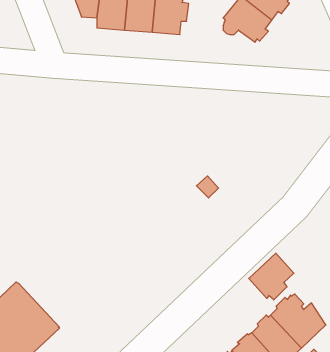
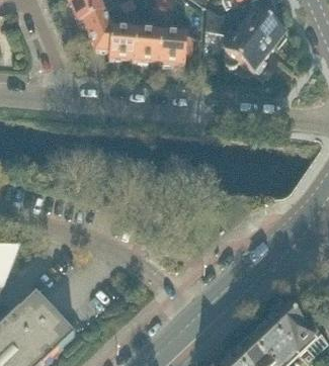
building: [249,253,294,300] -> none

